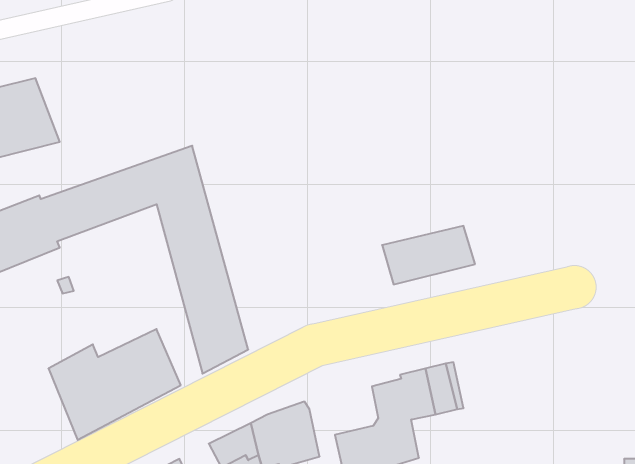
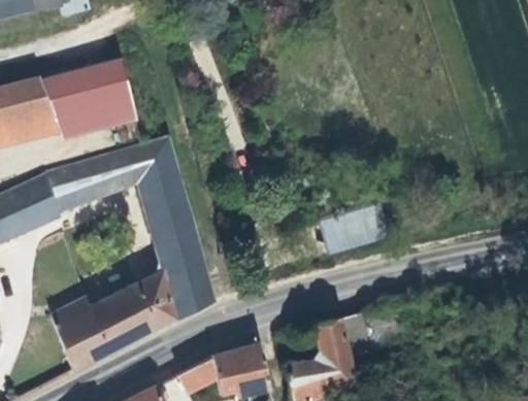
building: none -> [39,60,136,139]
building: none -> [137,271,174,328]

